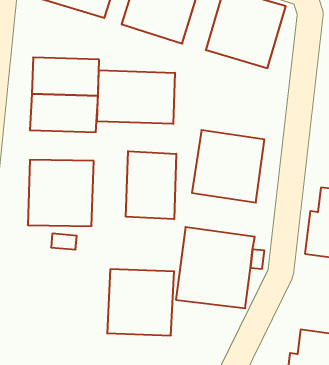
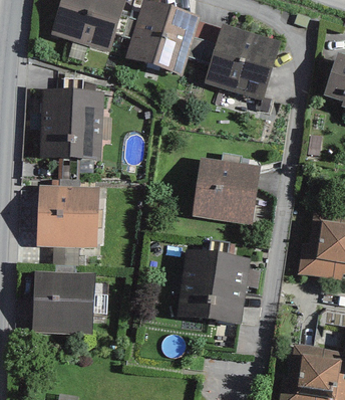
building: [97,70,175,124] -> none
building: [126,151,176,219] -> none
building: [107,269,174,335] -> [31,271,94,334]

